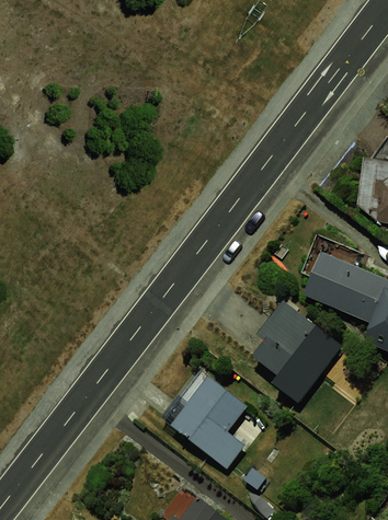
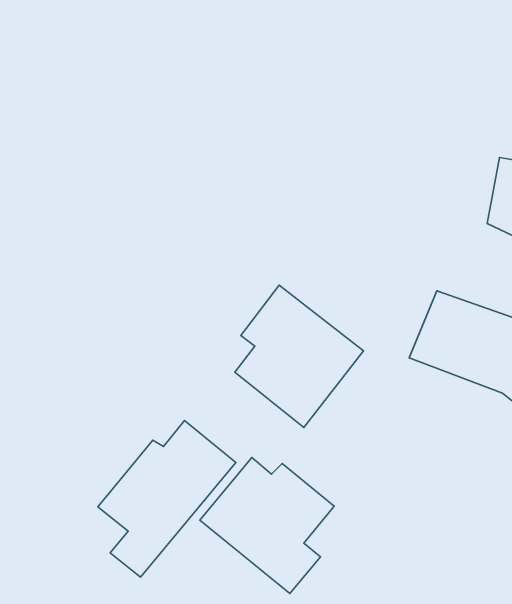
building: [255,300,347,402] -> [235,285,363,427]
building: none -> [98,421,236,577]

